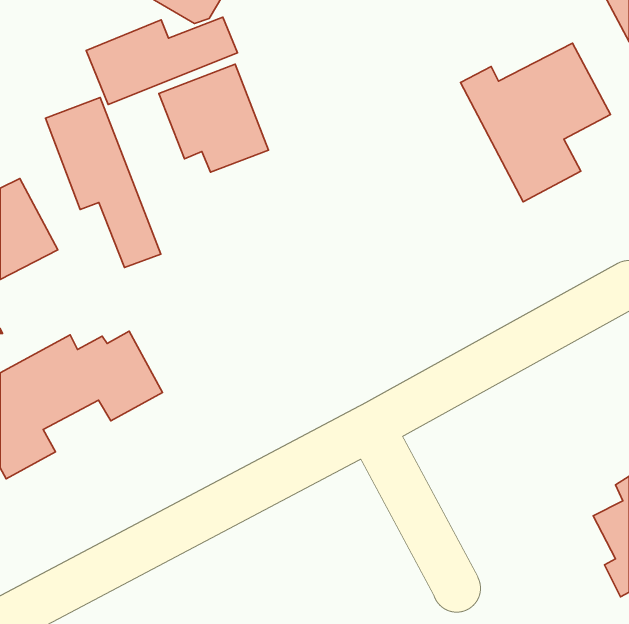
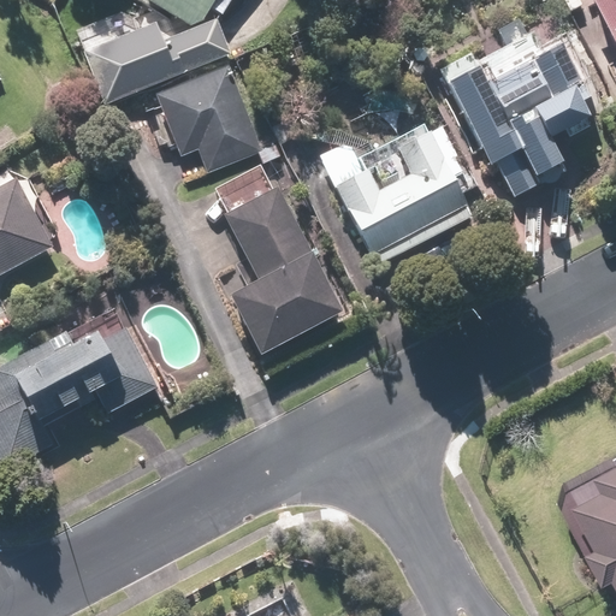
building: [45,97,161,268] -> none
building: none -> [322,130,468,253]
building: none -> [225,185,345,353]

